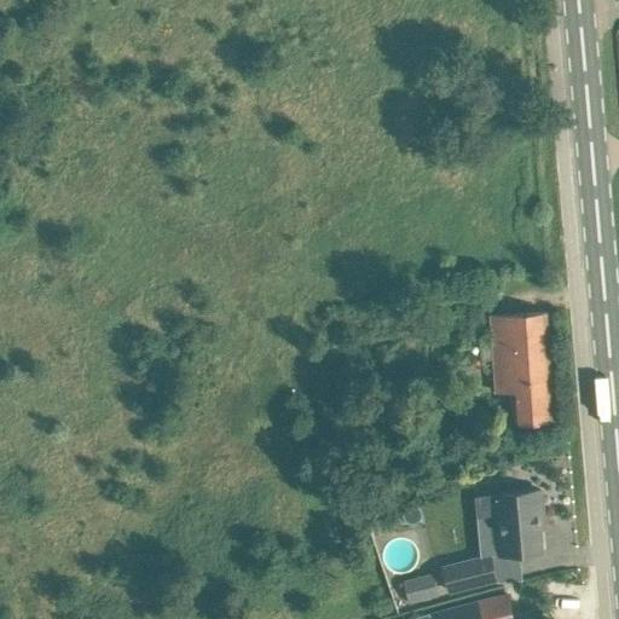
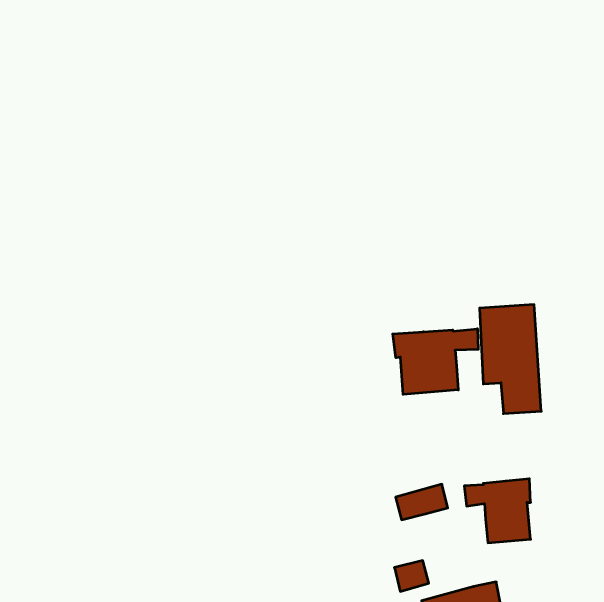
building: none -> [393,329,478,394]
building: [442,557,496,594] -> [396,484,448,520]

